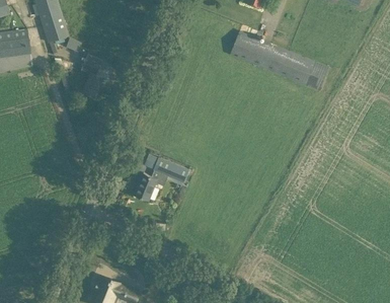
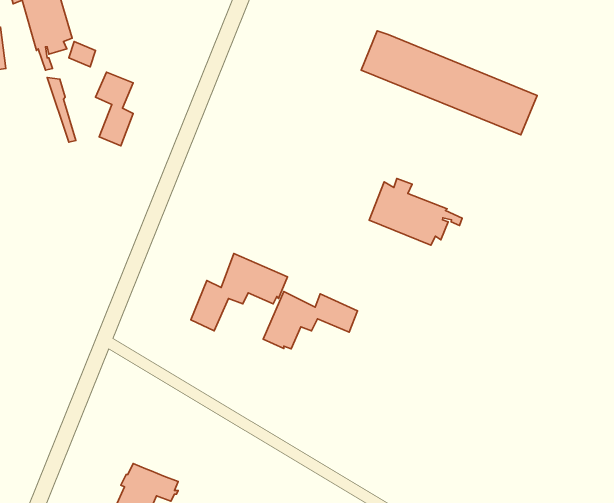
building: none -> [369,178,462,245]
building: none -> [263,292,358,349]

